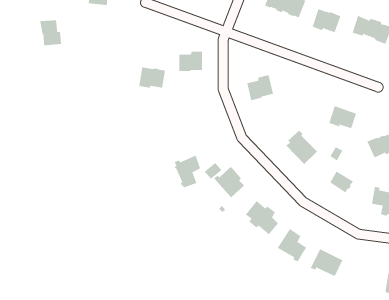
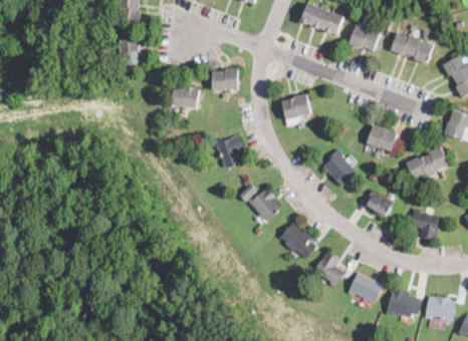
building: [39,20,62,46] -> [119,39,142,66]
building: [174,155,201,188] -> [216,134,244,168]
building: none -> [386,289,422,317]

